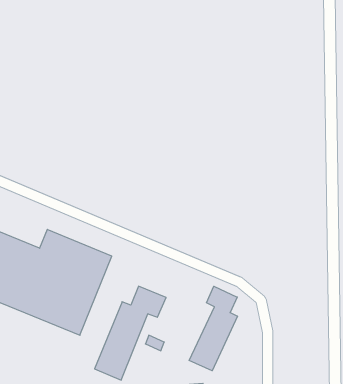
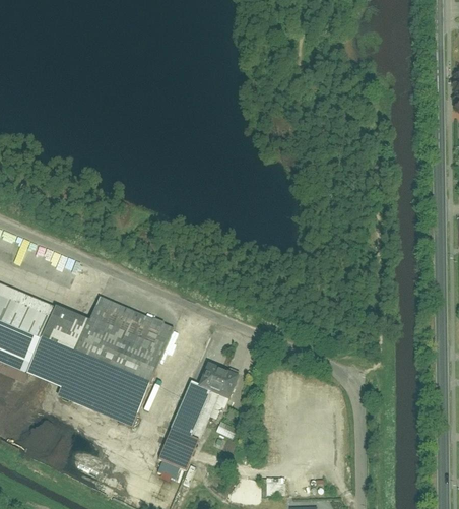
building: [189,286,237,371] -> none

